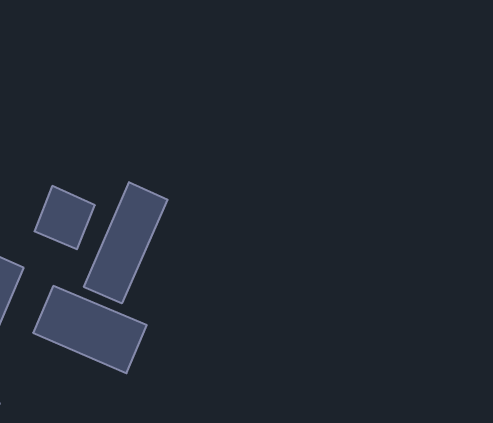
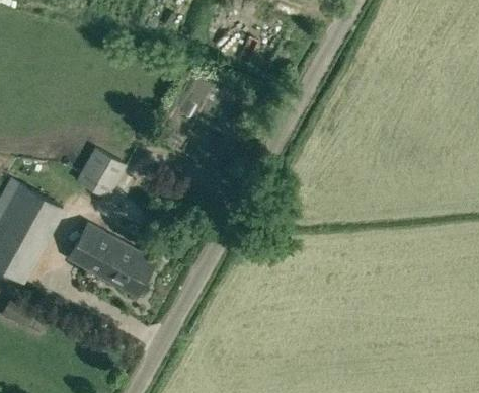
building: [84,182,168,303] -> none

